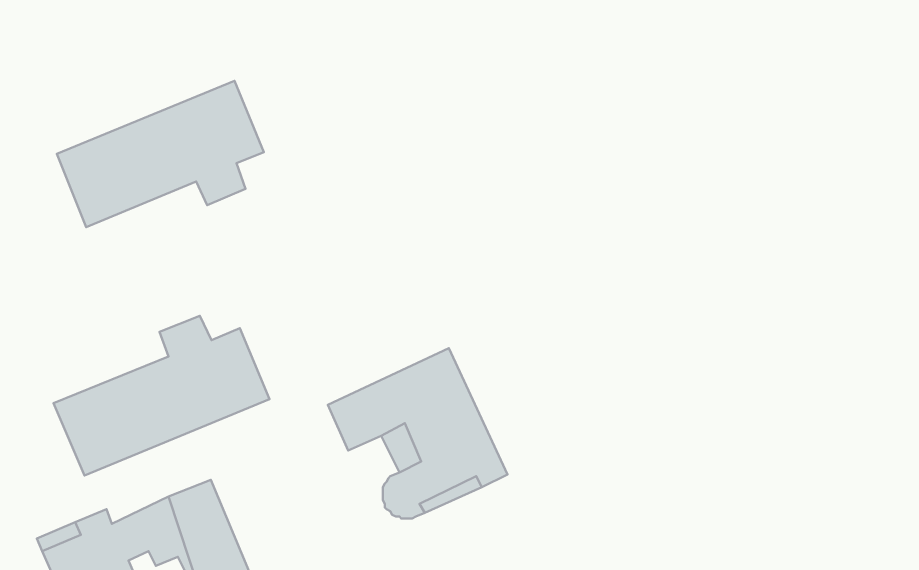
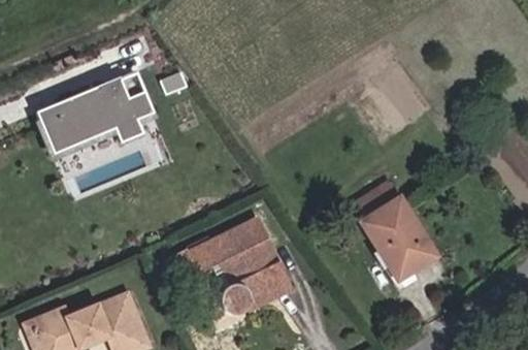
building: none -> [354,177,436,274]
building: [54,316,269,476] -> none

